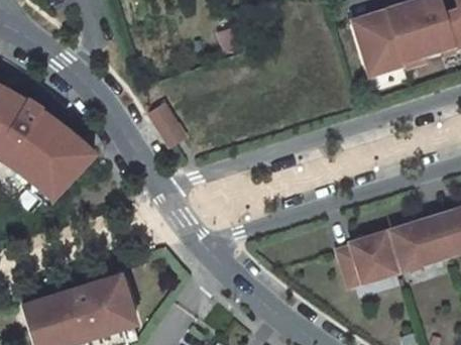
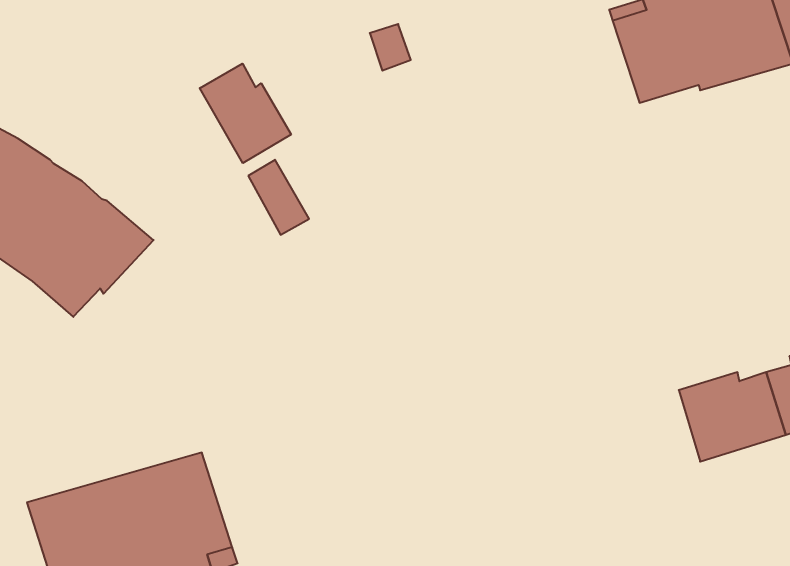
building: none -> [200,64,291,163]
building: [338,236,397,291] -> none

